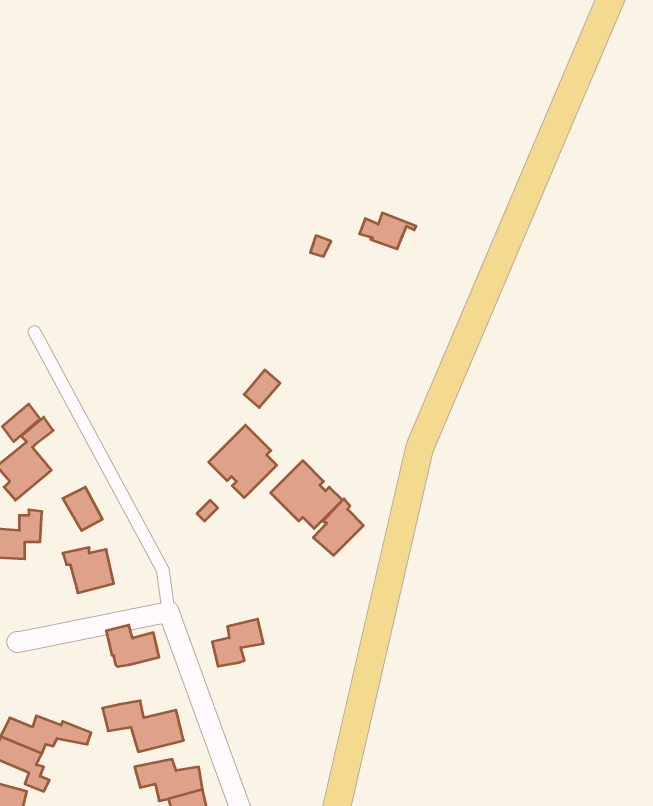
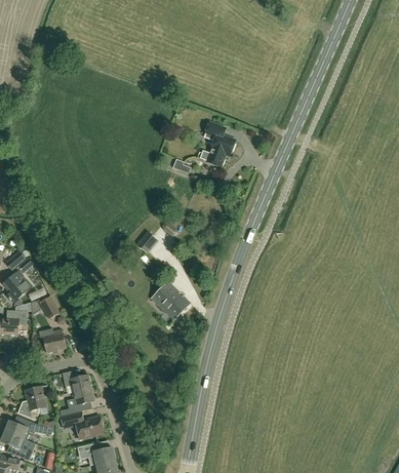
building: none -> [204,122,236,154]
building: [209,425,277,498] -> none
building: [313,499,363,555] -> none
building: [212,619,263,666] -> [67,388,94,413]
building: none -> [18,387,46,421]

